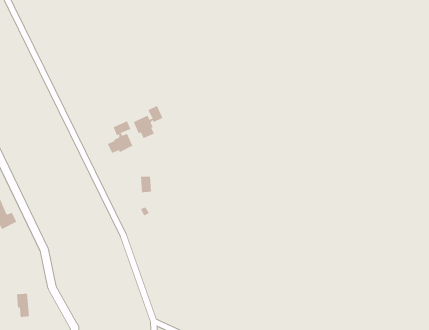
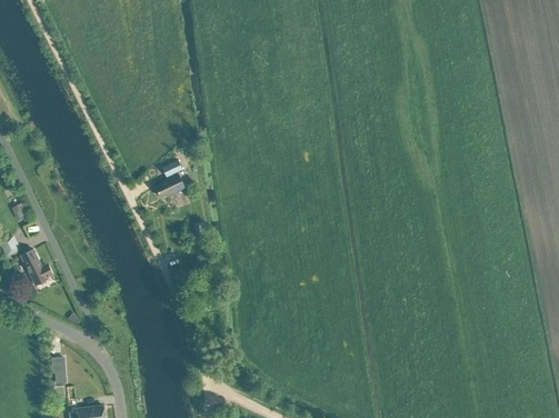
building: [133,105,163,139] -> none

